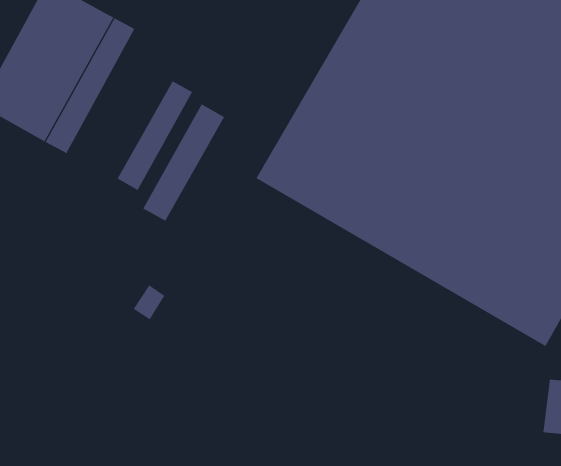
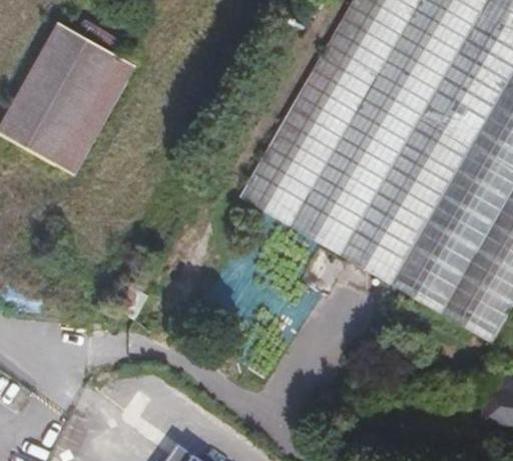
building: [117,81,193,191] -> none
building: [143,103,225,222] -> none

